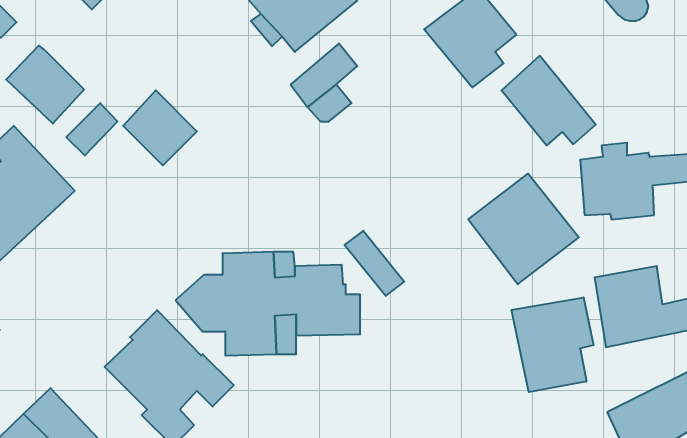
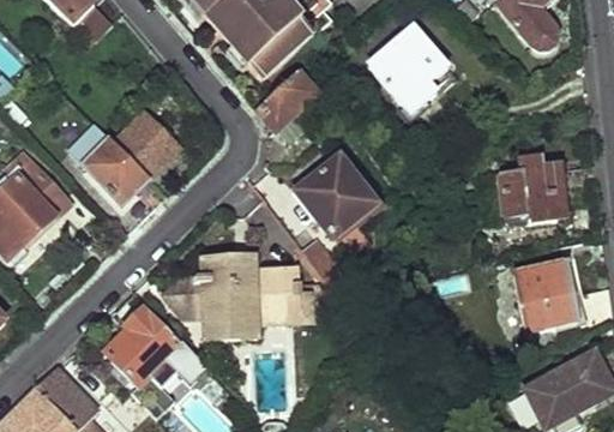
building: [6,46,84,124] -> [83,140,149,206]
building: [501,56,596,145] -> none
building: [468,174,579,284] -> [291,148,385,241]
building: [512,297,593,392] -> none

